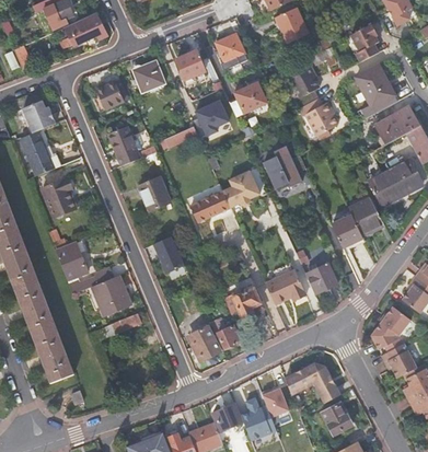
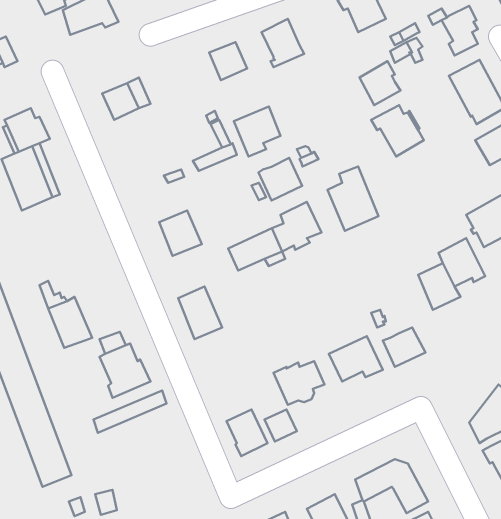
building: [132,59,165,93] -> none
building: [234,82,267,114] -> [258,158,302,200]
building: [108,125,141,165] -> none
building: [48,175,82,215] -> none

